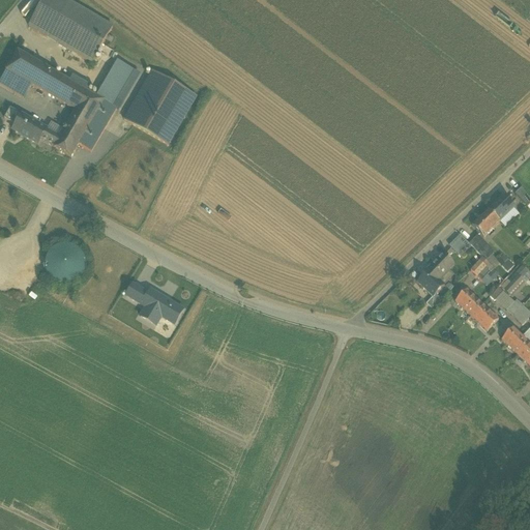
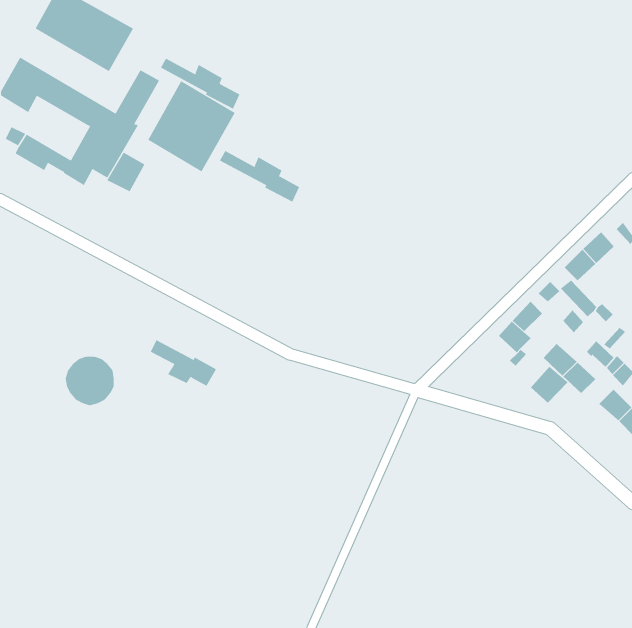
building: none -> [160,58,240,110]
building: none -> [219,150,300,202]
building: none -> [107,152,145,192]
building: [45,242,86,284] -> [65,356,114,406]
building: none -> [530,366,569,404]

